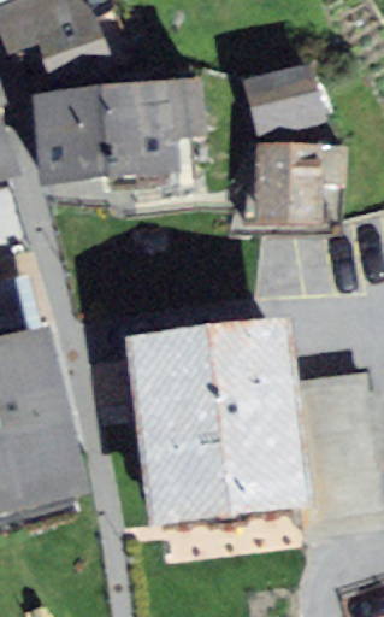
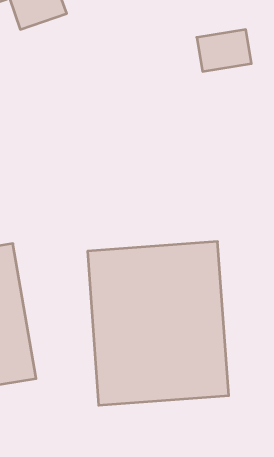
building: [18,82,176,170] -> none
building: [253,141,341,201] -> none

